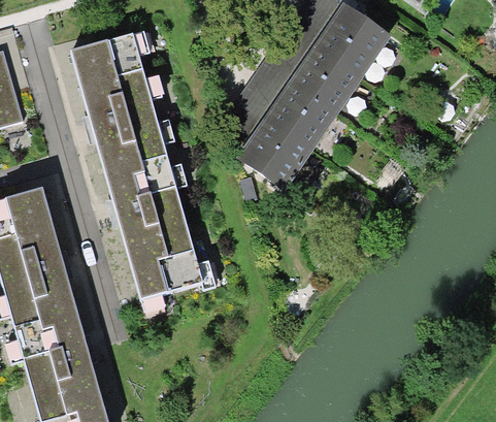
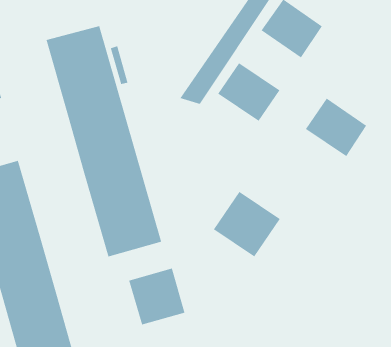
building: [292,40,363,108] -> [305,97,367,157]
building: [237,112,315,189] -> [213,191,281,258]
building: none -> [128,268,186,326]

